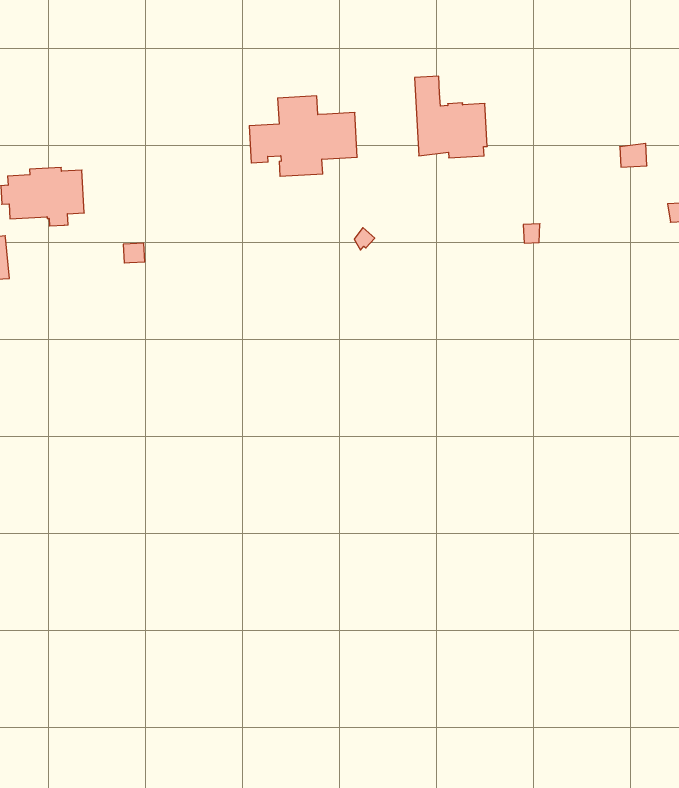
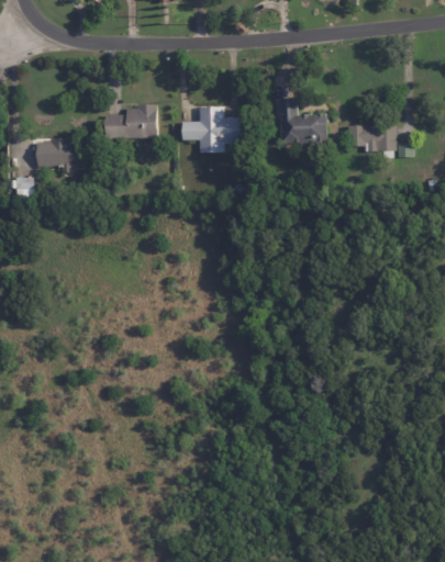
building: none -> [105,104,158,138]
building: none -> [349,125,397,158]

